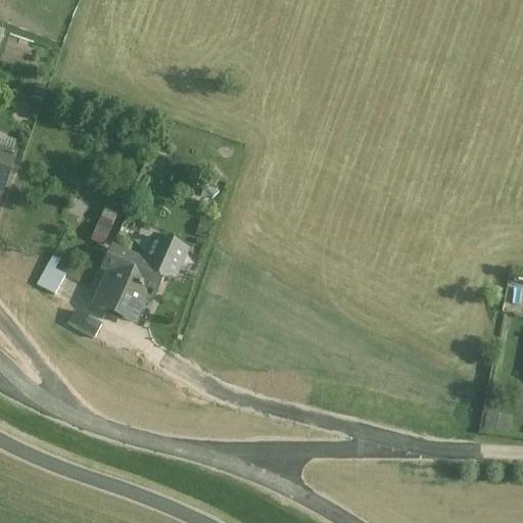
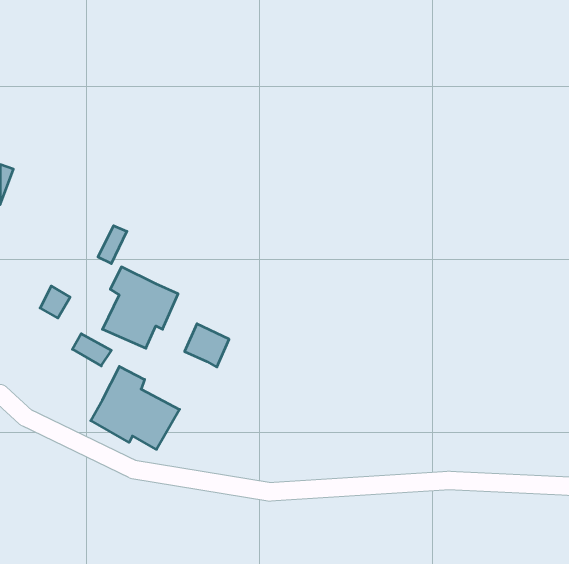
building: [143,235,184,275] -> [185,324,229,367]
building: none -> [91,366,180,449]

